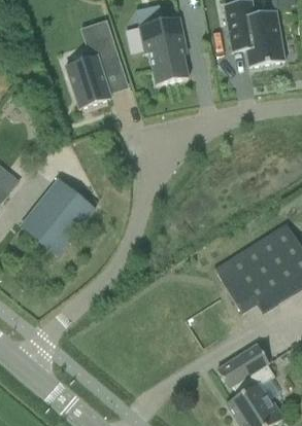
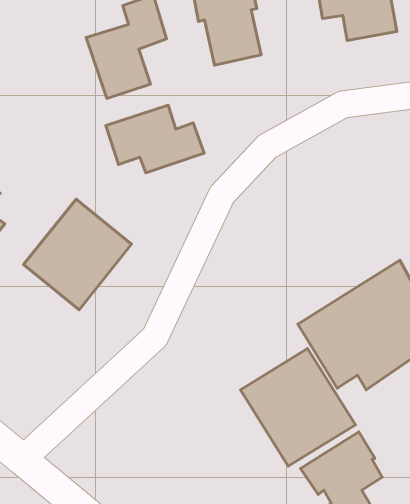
building: none -> [106,105,204,173]
building: none -> [240,348,356,466]

